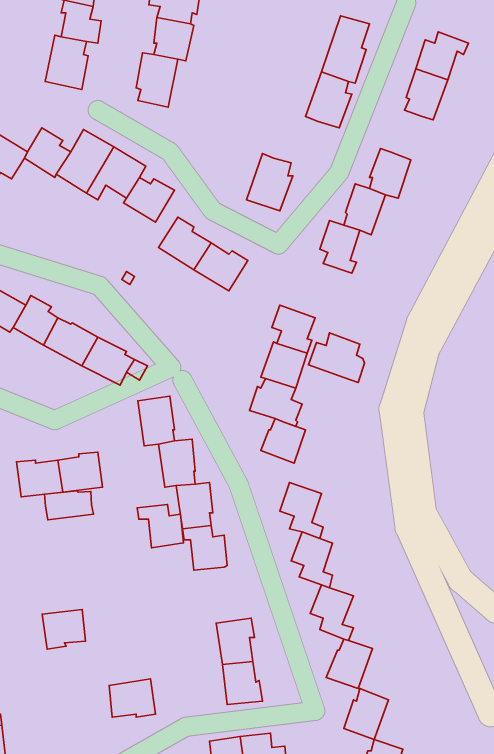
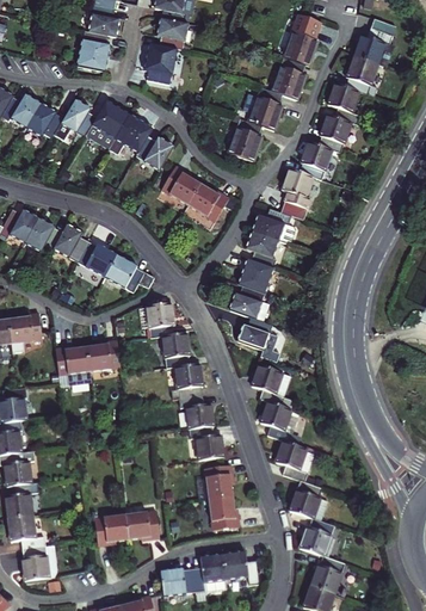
building: none -> [328,82,360,124]
building: none -> [248,87,283,130]
building: [309,333,365,382] -> [253,208,295,245]
building: [44,491,94,520] -> none
building: [137,505,184,548] -> [189,427,223,459]
building: [42,609,85,649] -> [95,516,128,545]

